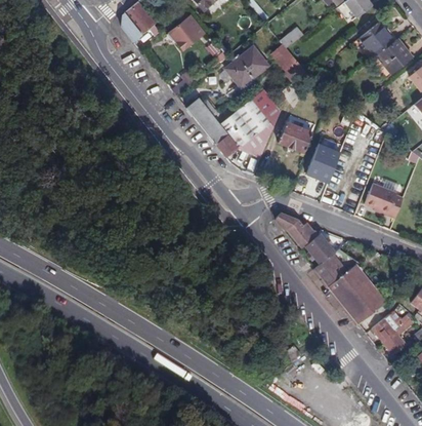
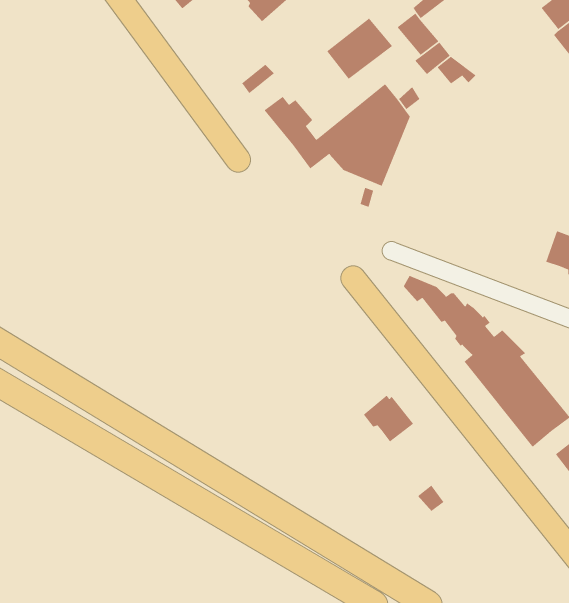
building: [278,123,311,153] -> none
building: [306,139,341,182] -> none
building: none -> [363,394,414,443]

